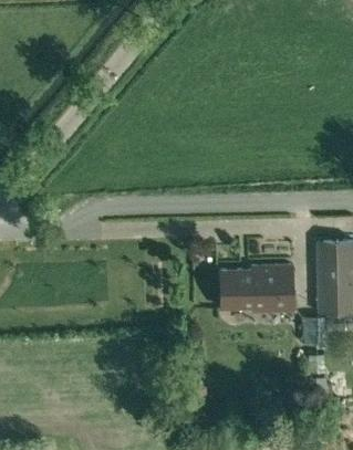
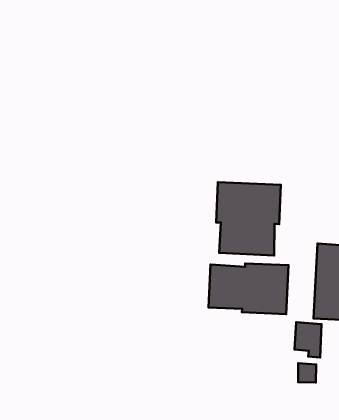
building: none -> [216,182,281,255]

